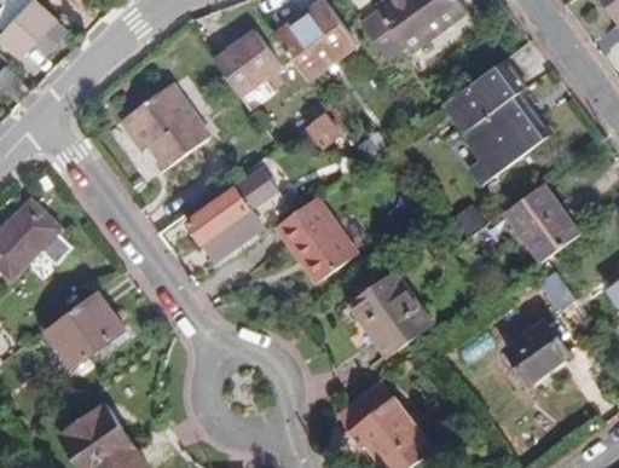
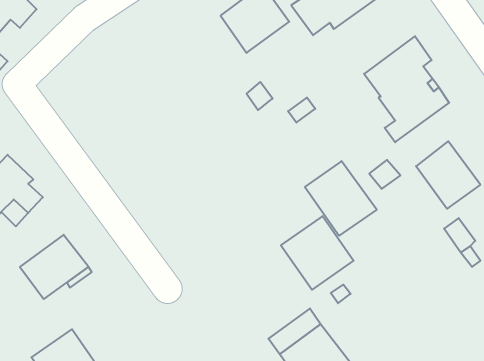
building: [214,28,284,97] -> none
building: [121,83,209,167] -> none
building: [183,168,277,260] -> none
building: [274,196,358,283] -> [305,161,377,236]
building: [505,320,569,383] -> none

